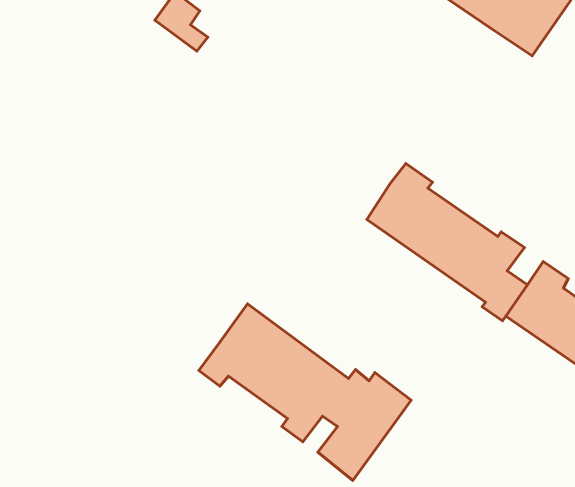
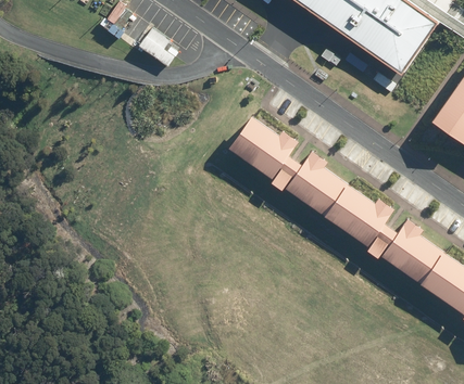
building: none -> [229,113,301,188]
building: [199,304,411,481] -> none

